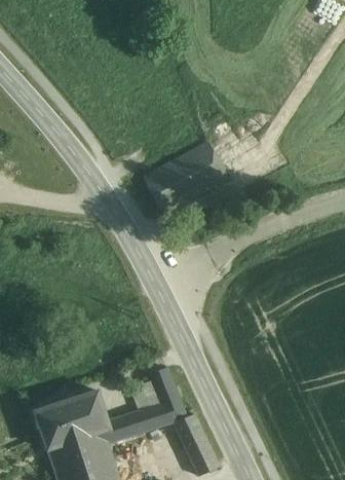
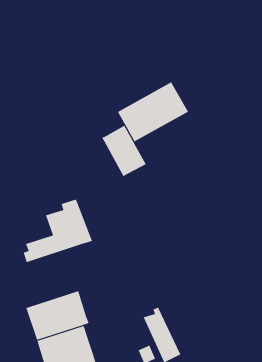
building: none -> [102,125,146,177]
building: [104,367,187,443] -> [23,199,93,263]

